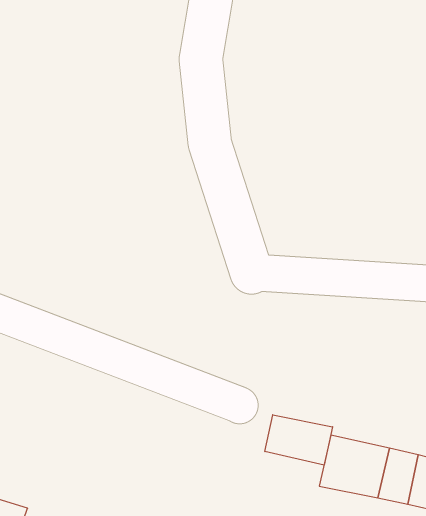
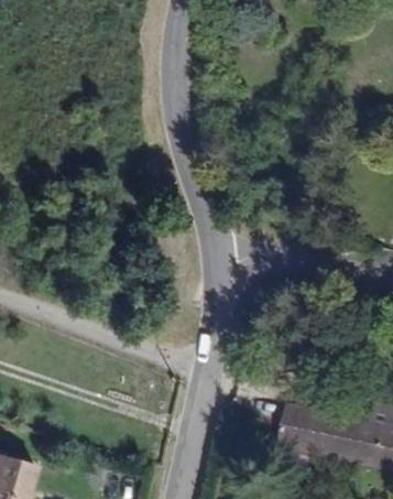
building: [265,415,333,465] -> none

